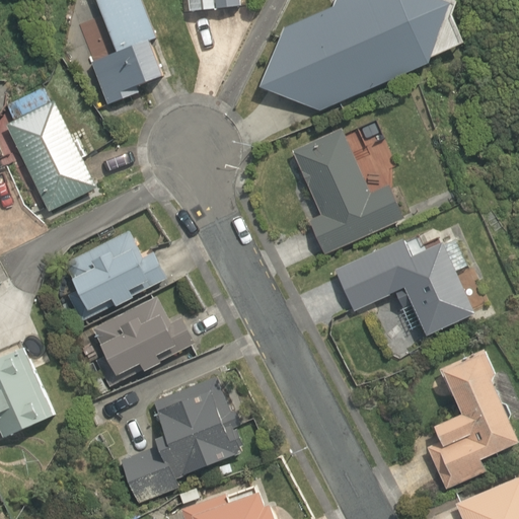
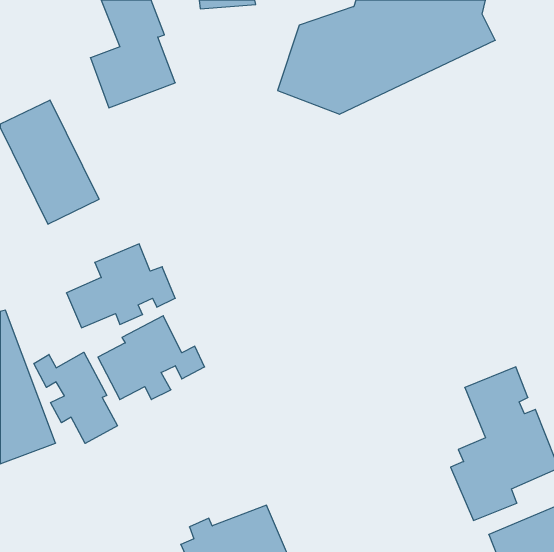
building: [294,127,407,254] -> none
building: [333,225,470,339] -> none
building: none -> [34,352,117,443]
building: [121,369,253,504] -> none

